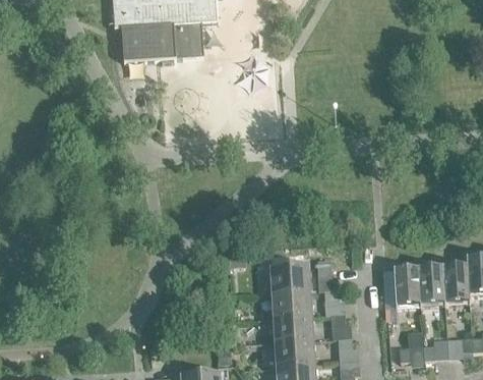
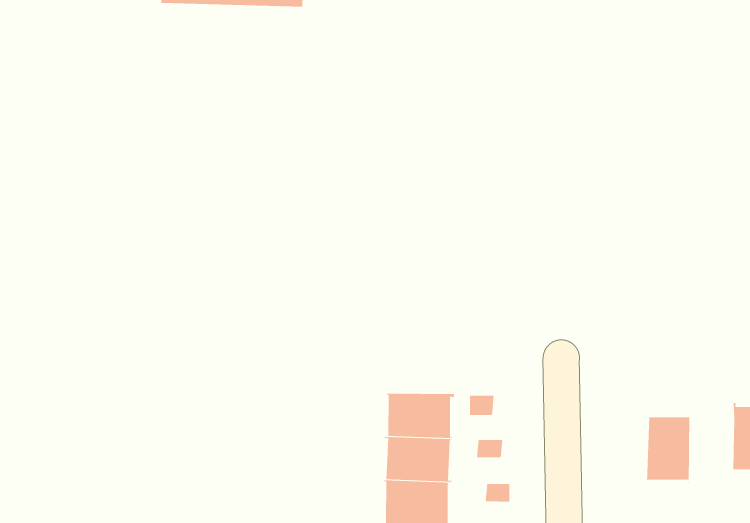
building: [441,264,469,303] -> none
building: [393,266,420,306] -> none

